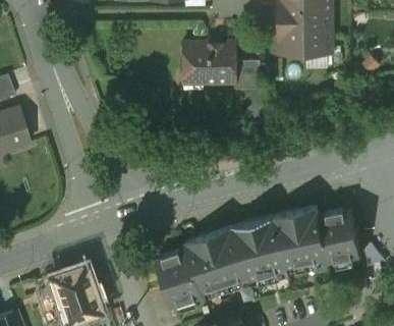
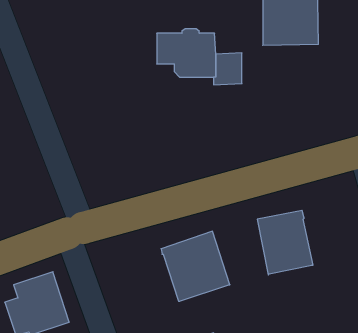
building: [318,209,360,264] -> none
building: [233,216,287,280] -> none
building: [156,249,204,308] -> none

